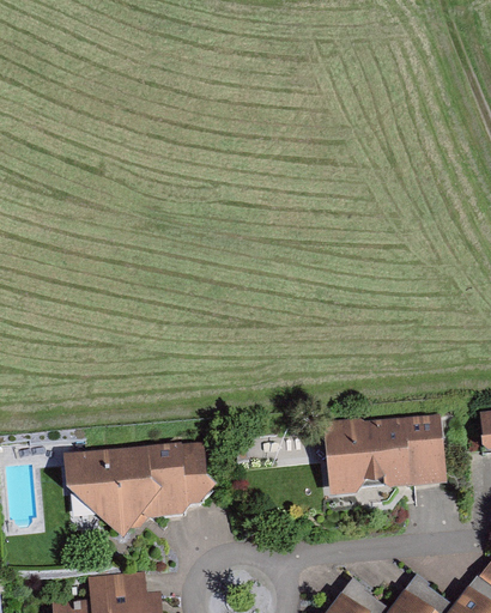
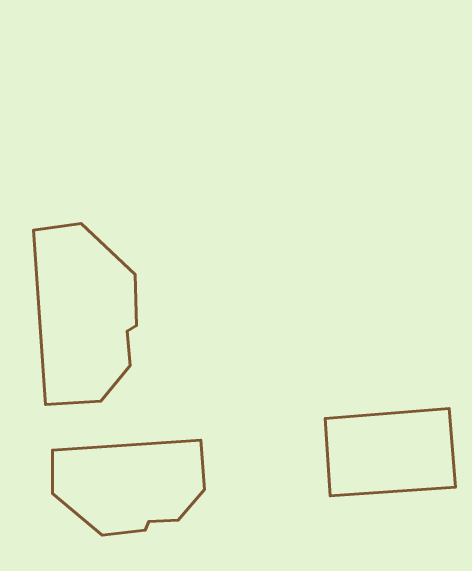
building: none -> [34,223,136,404]

